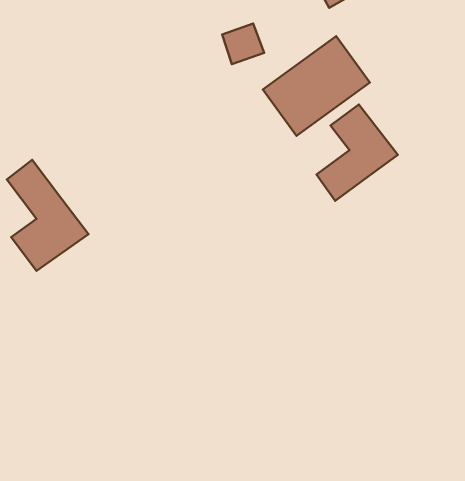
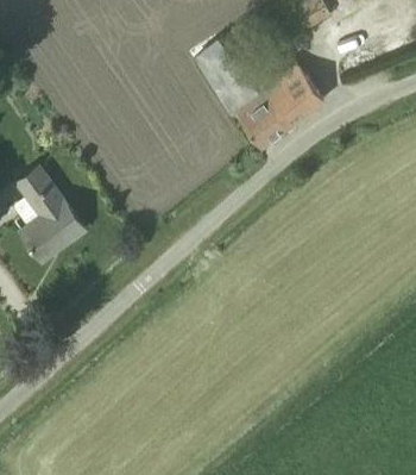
building: [316,105,398,201] -> none

